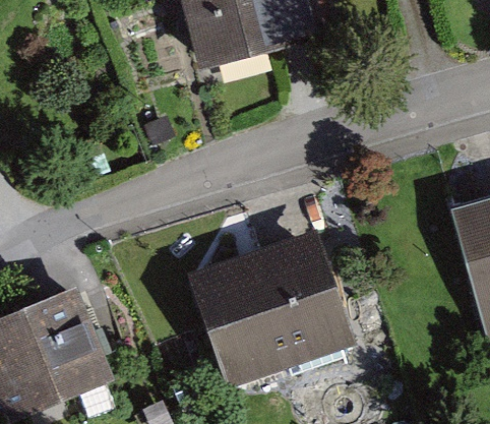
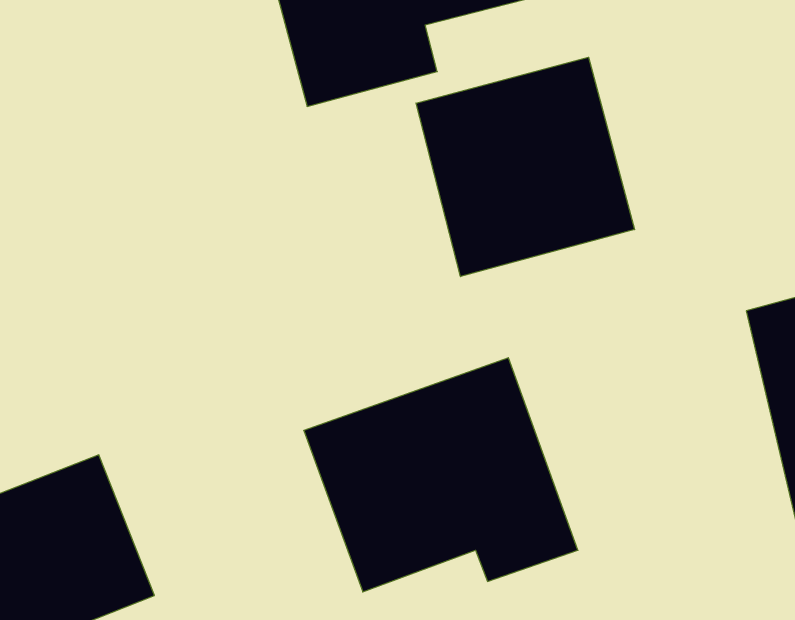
building: none -> [416,57,635,277]

